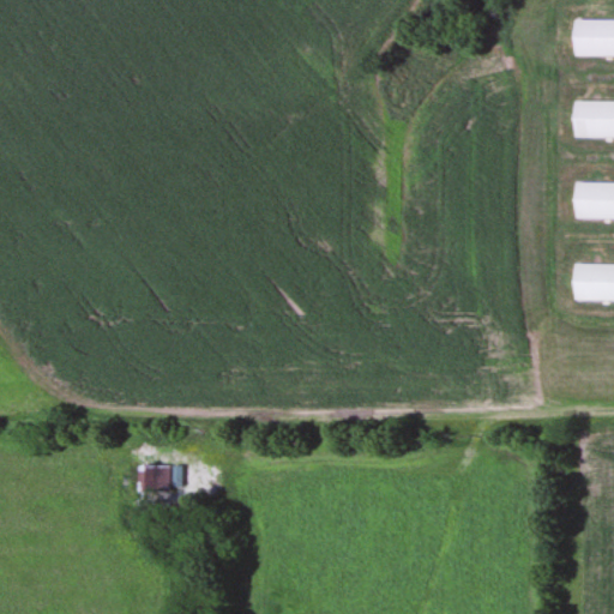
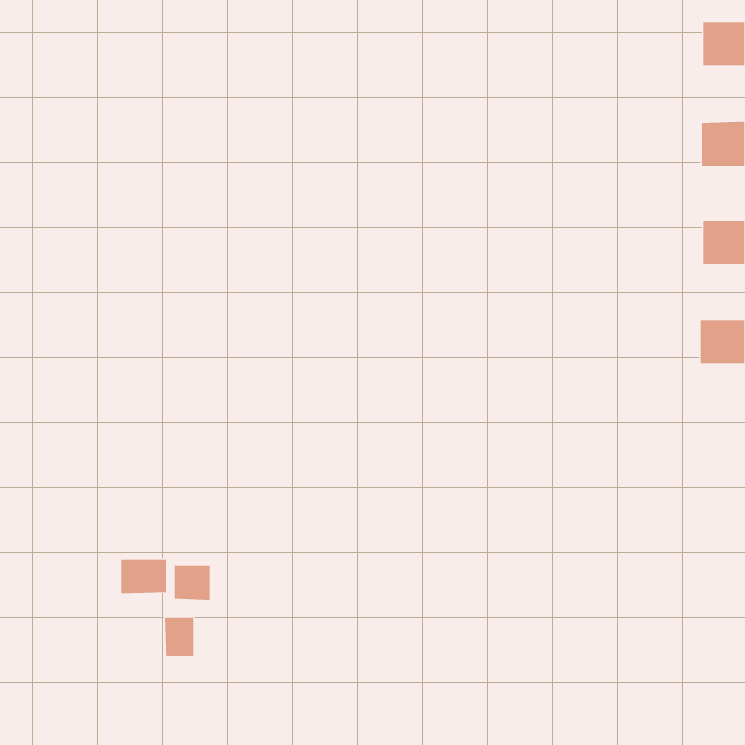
building: none -> [121,559,166,594]
building: none -> [165,617,194,657]

